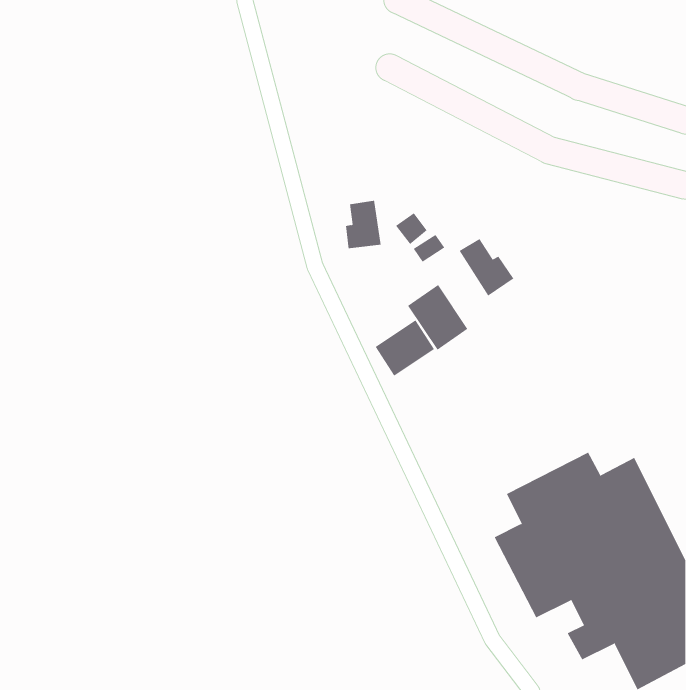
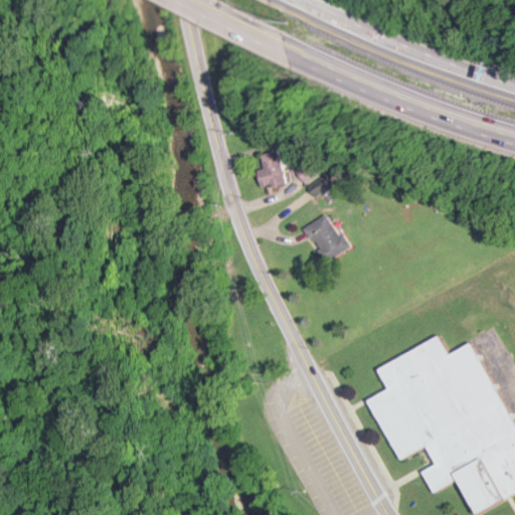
building: [459,238,514,296] -> none
building: [375,319,435,377] -> none

